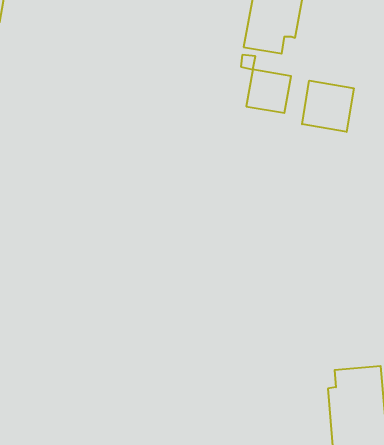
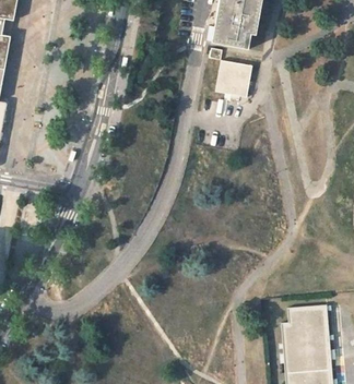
building: [302,81,354,132] -> none

